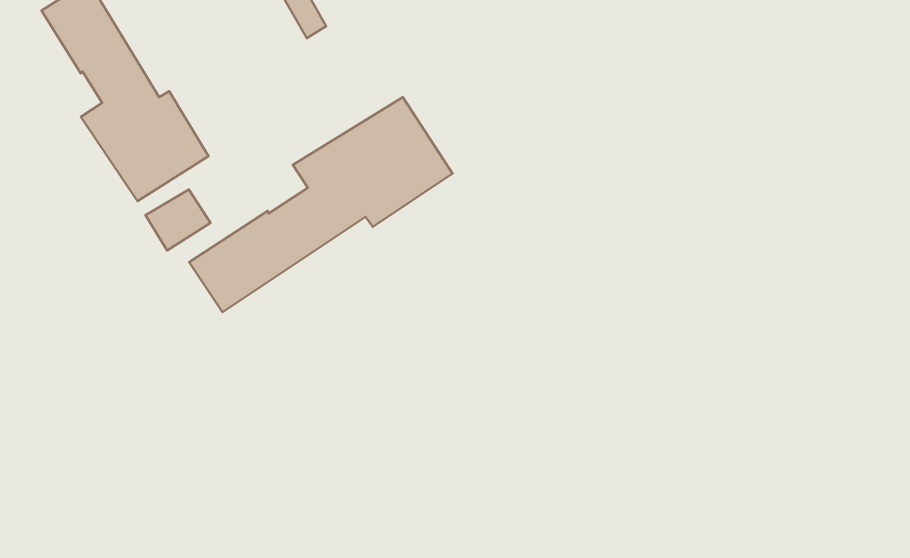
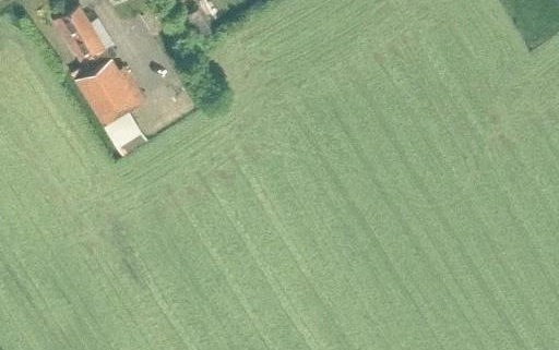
building: [189,97,453,312] -> none

